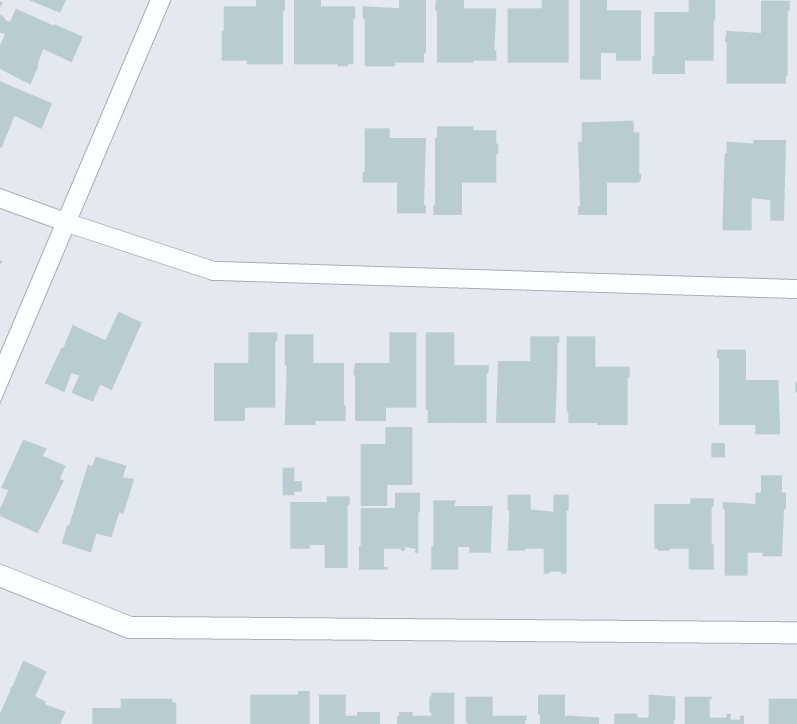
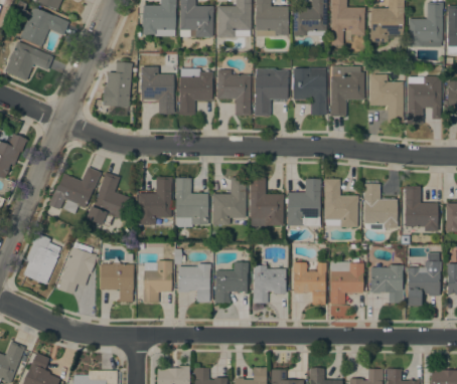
building: none -> [103,61,133,108]
building: none -> [141,66,174,114]
building: none -> [292,67,326,115]
building: none -> [178,68,212,115]
building: none -> [369,73,404,122]
building: none -> [87,171,131,225]
building: none -> [363,183,398,227]
building: [360,426,413,506] -> [143,260,171,303]
building: none -> [329,258,363,304]
building: none -> [100,262,134,302]

